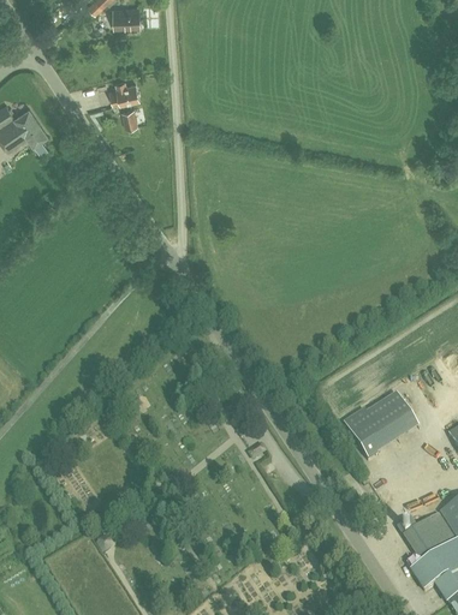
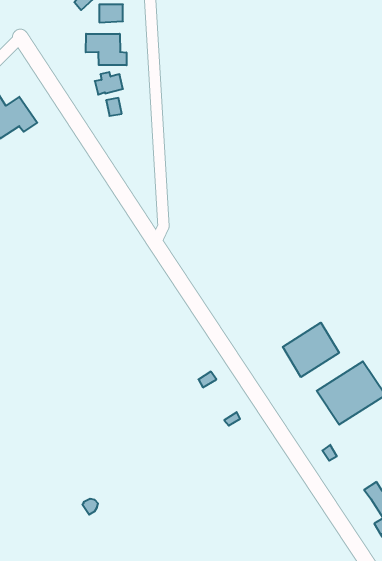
building: none -> [86,34,127,65]
building: none -> [283,323,339,377]

